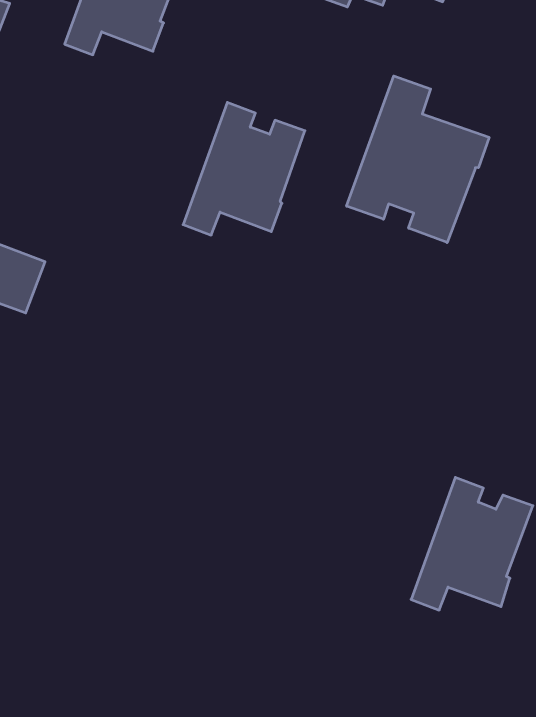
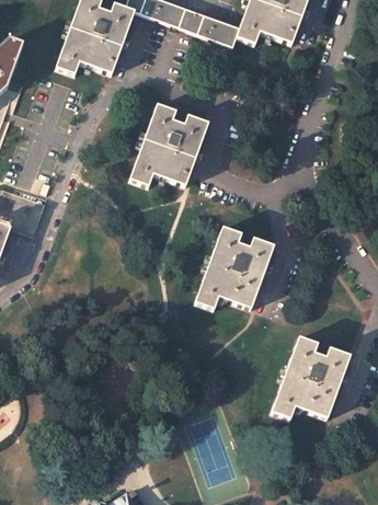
building: [347,76,489,243] -> none
building: none -> [196,227,271,309]

